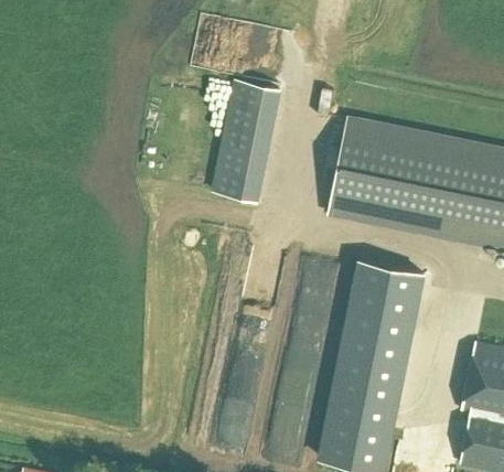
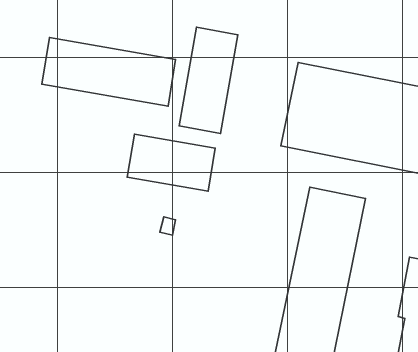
building: none -> [42,37,176,106]
building: none -> [127,134,215,191]

